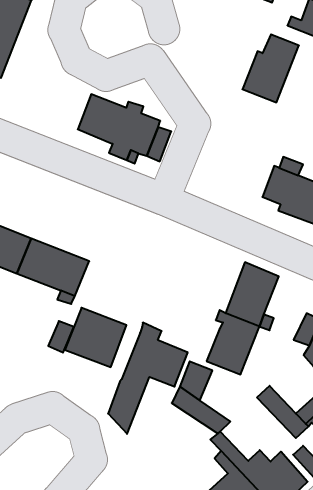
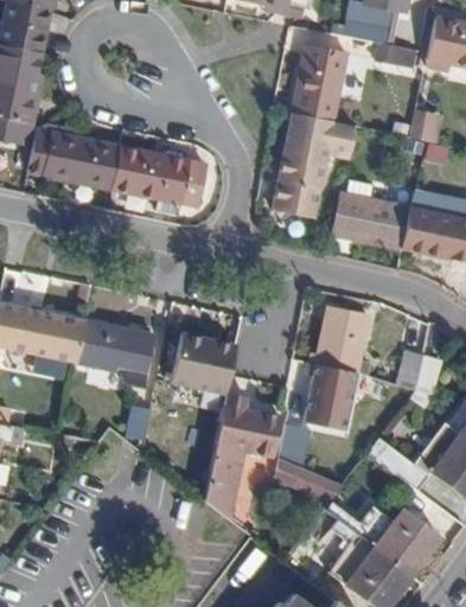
building: none -> [31,129,126,189]
building: none -> [273,113,357,216]
building: [65,308,126,367] -> [172,331,236,391]

